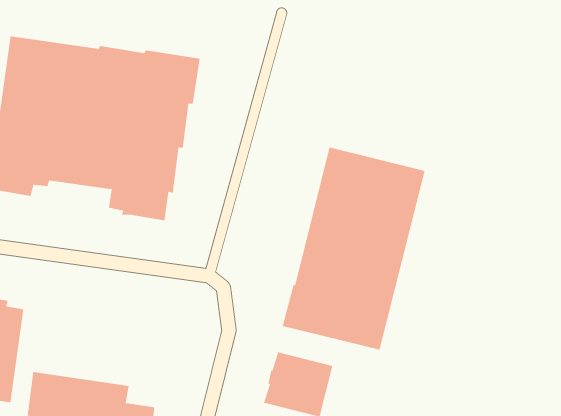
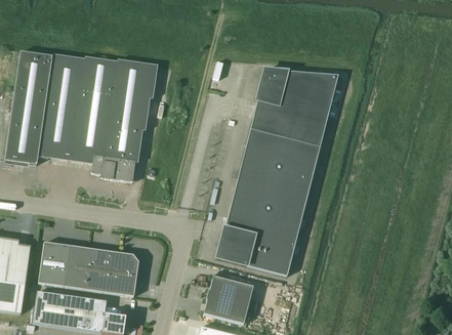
building: none -> [250,69,338,145]
building: none -> [38,241,138,295]

